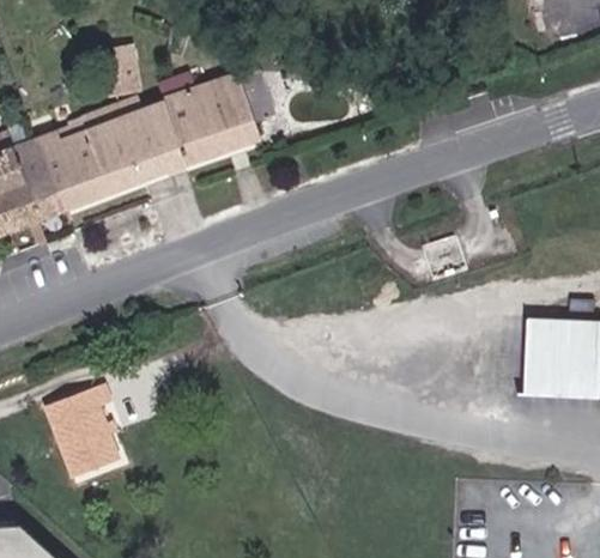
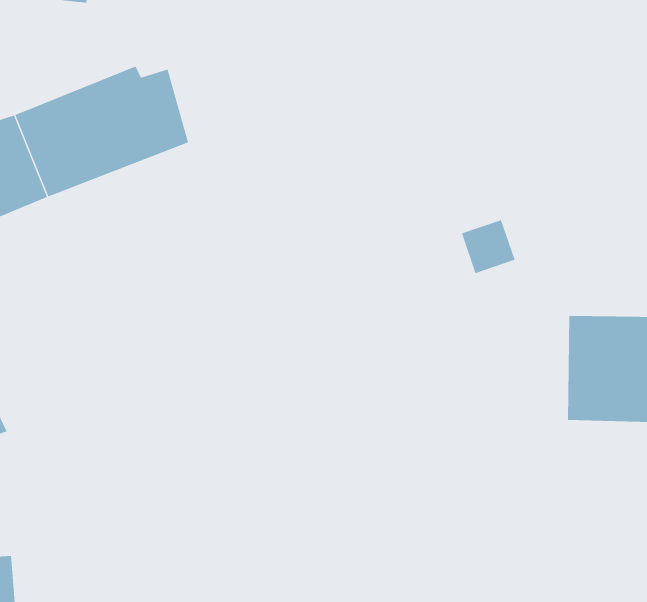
building: [174,69,269,162] -> none
building: [43,382,120,475] -> none

